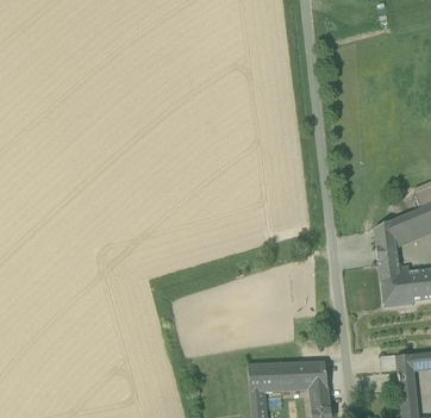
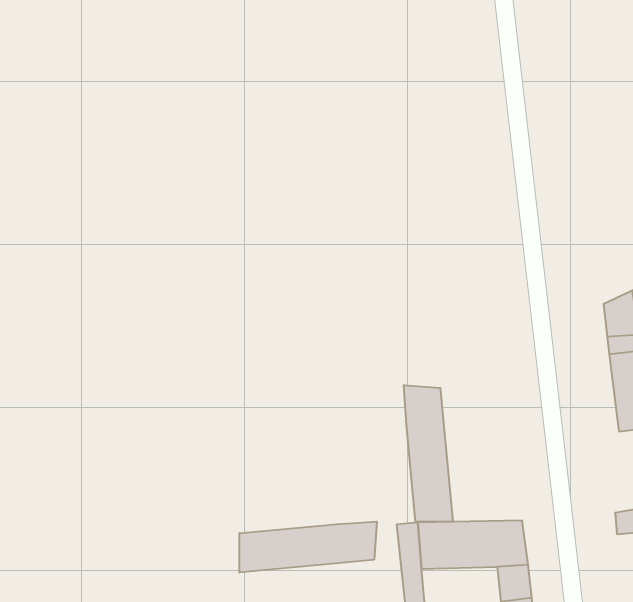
building: none -> [404,385,453,522]
building: none -> [239,522,377,573]

